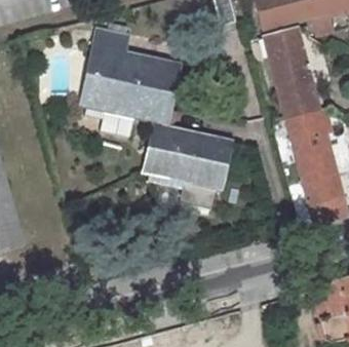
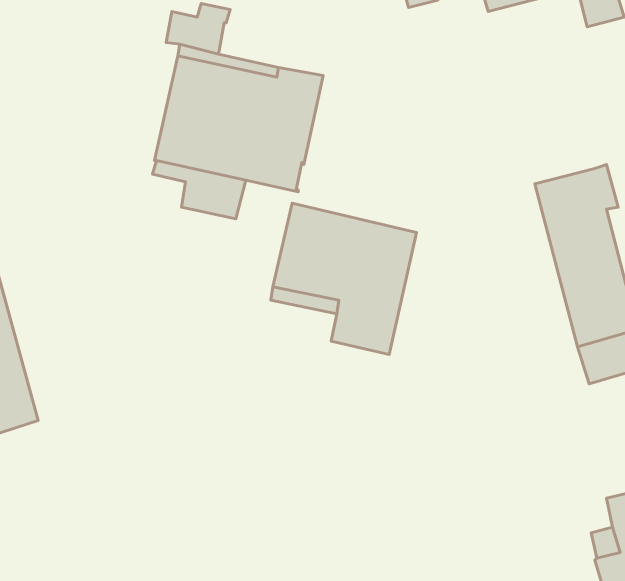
building: [264,27,318,122] -> none

